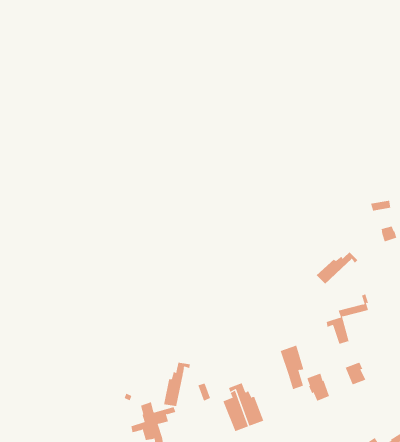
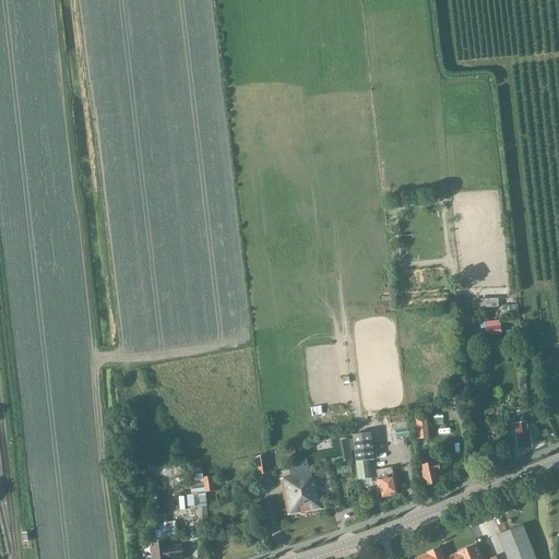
building: [316,252,358,284] -> none
building: [163,362,191,407] -> none

